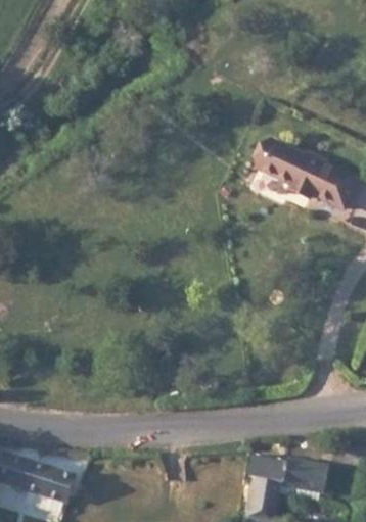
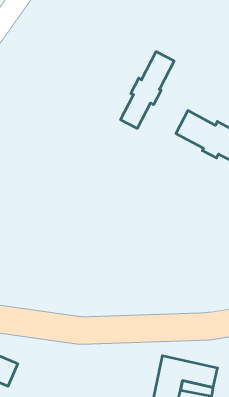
building: none -> [121,52,174,128]

